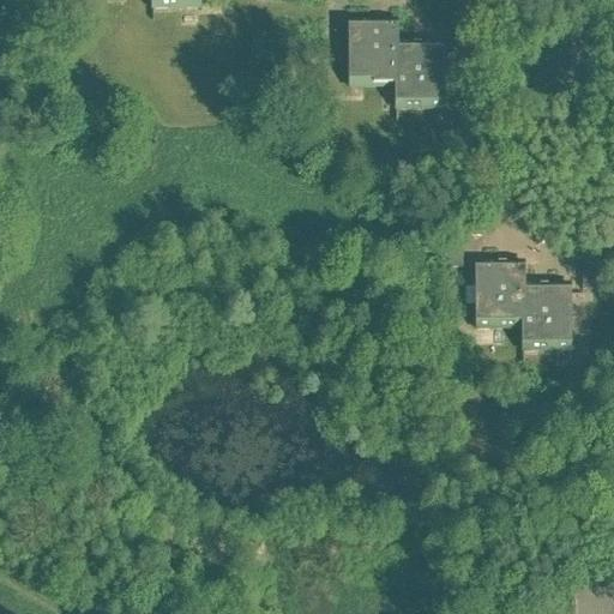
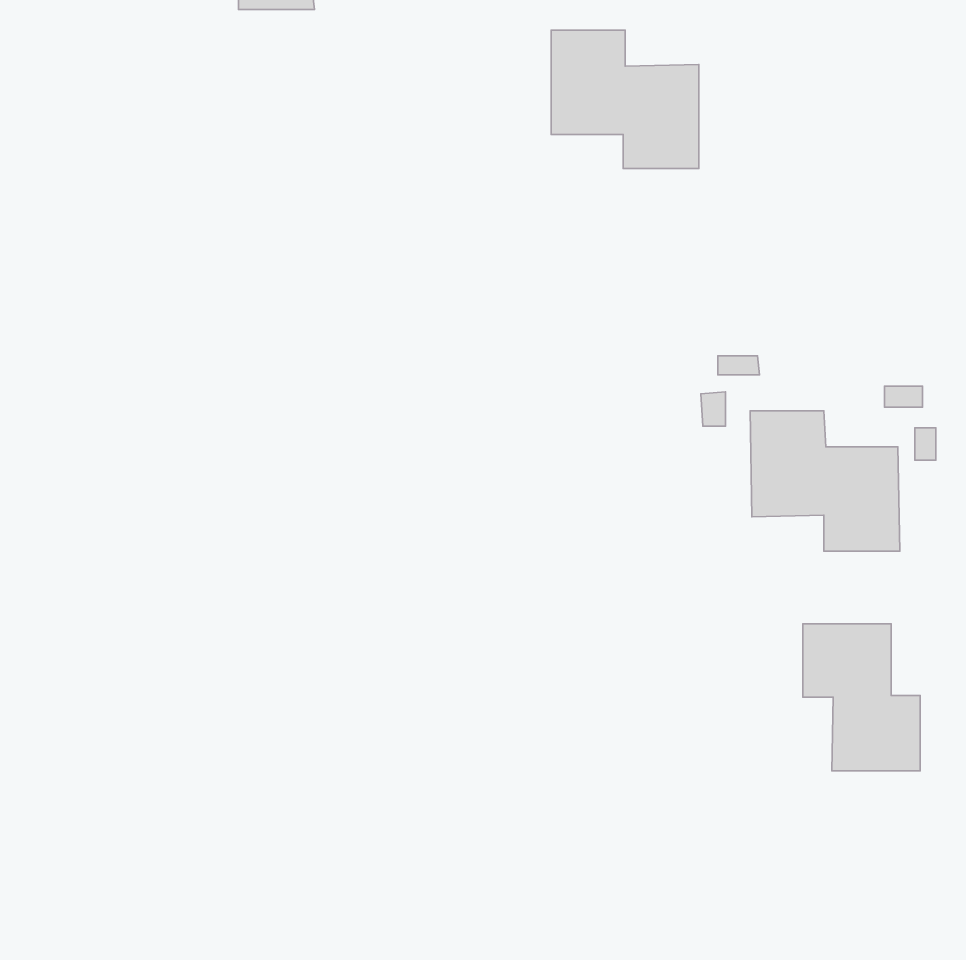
building: none -> [803,624,920,771]

